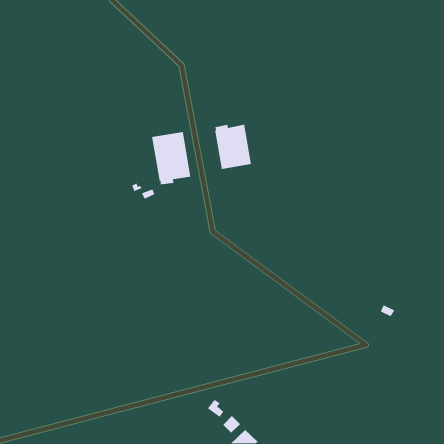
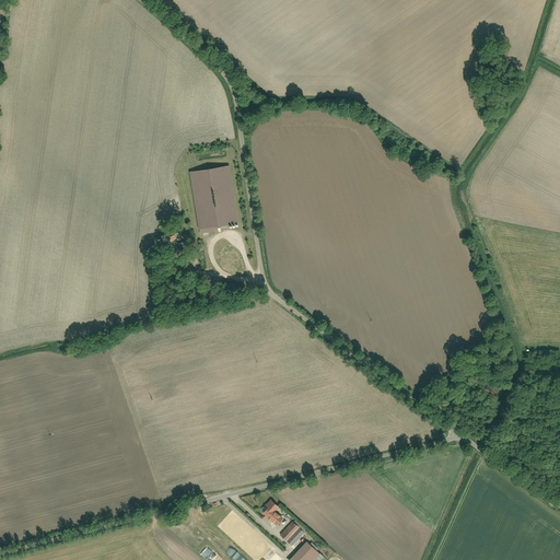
building: [214,124,252,170] -> none

